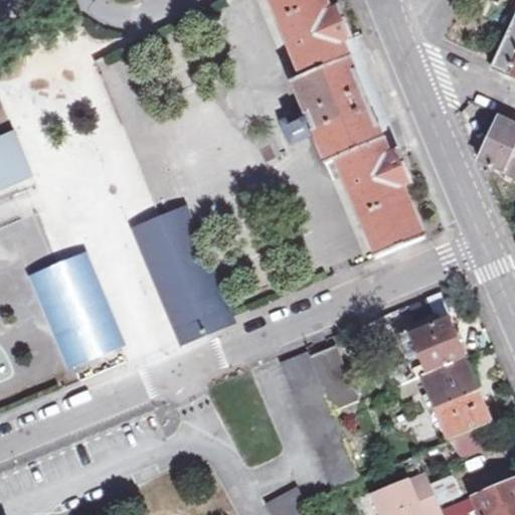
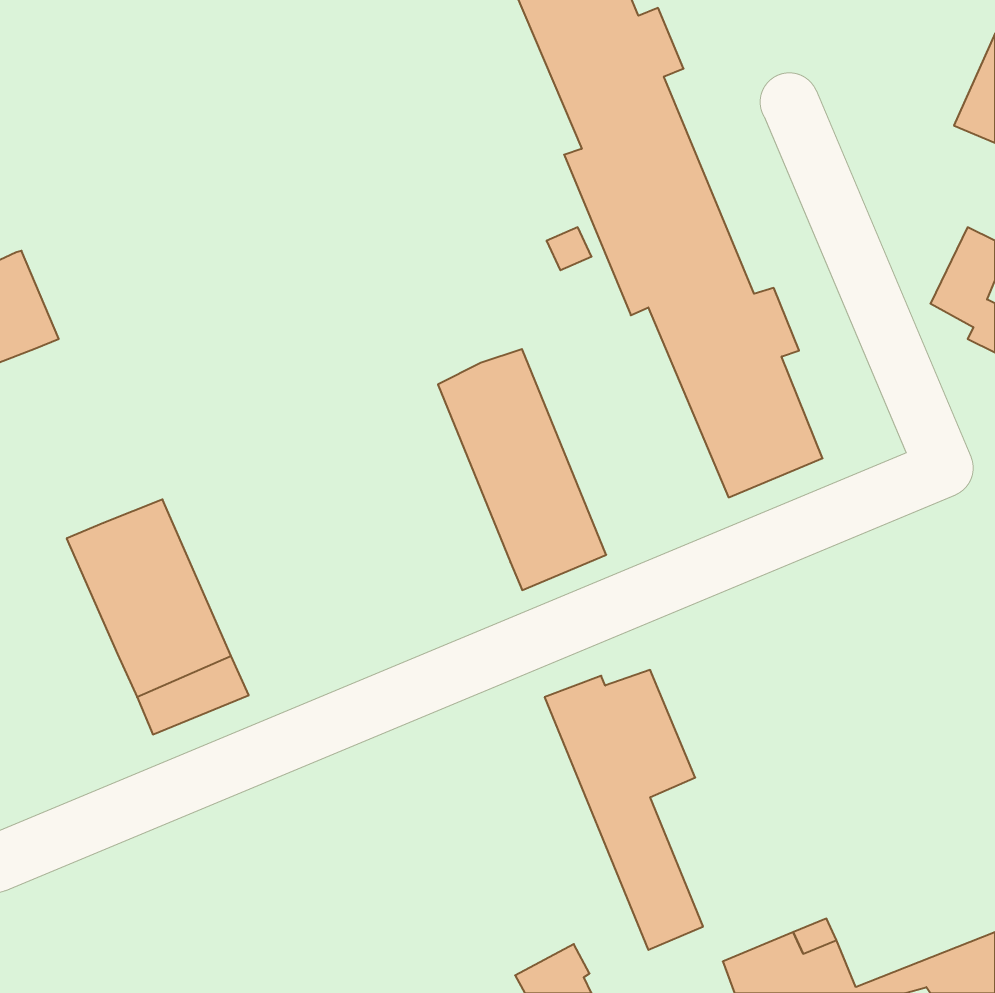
building: [139,211,225,335] -> [438,349,606,590]
building: [396,318,487,436] -> none

